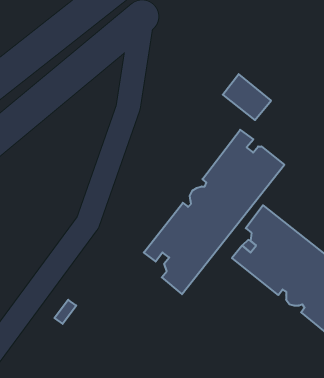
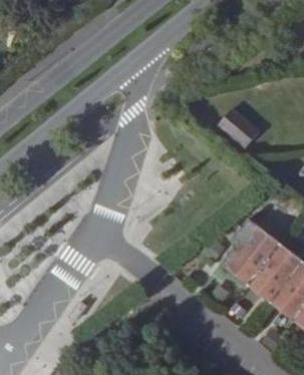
building: [144,130,284,294] -> none

